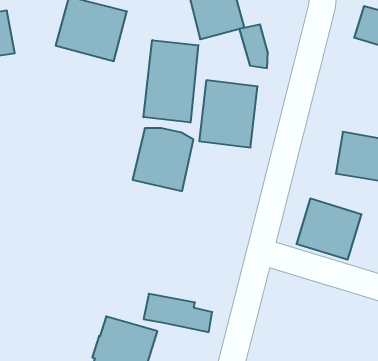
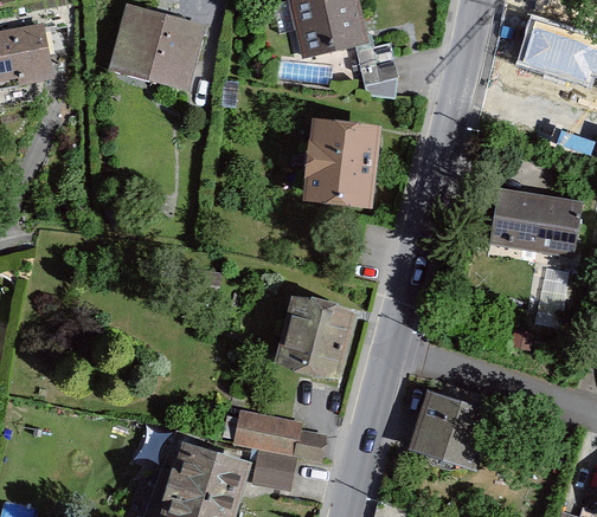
building: [143,40,198,123] -> none
building: [133,128,193,191] -> [274,298,357,383]
building: [296,199,362,260] -> [404,387,493,470]
building: none -> [246,447,293,490]

